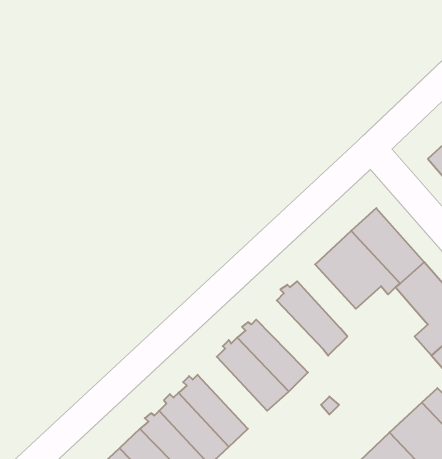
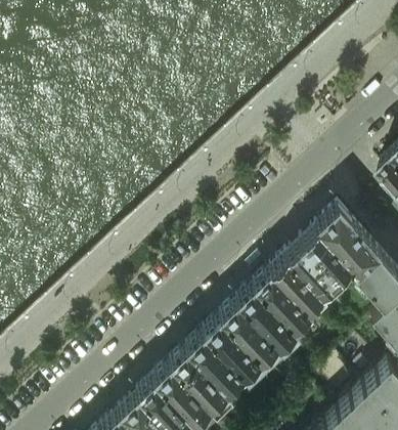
building: none -> [268,256,320,310]
building: none -> [233,287,298,352]
building: none -> [183,335,242,396]

